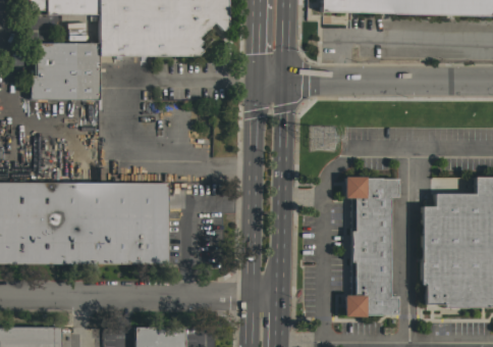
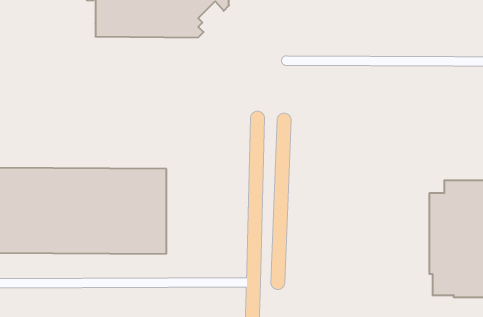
building: [32,43,101,99] -> none
building: [345,177,399,315] -> none

